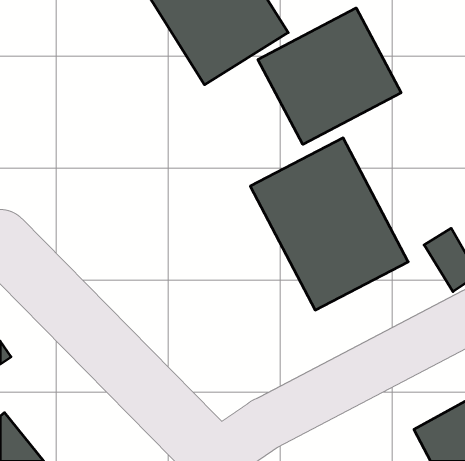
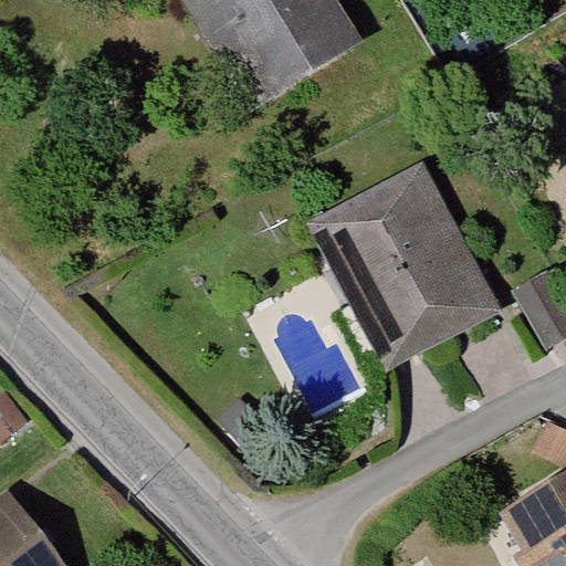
building: [258,8,401,144] -> none

